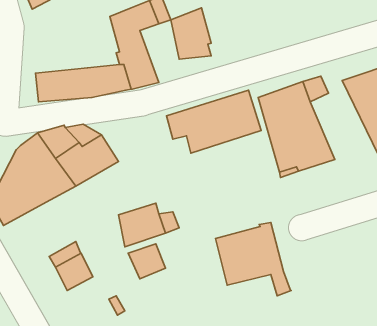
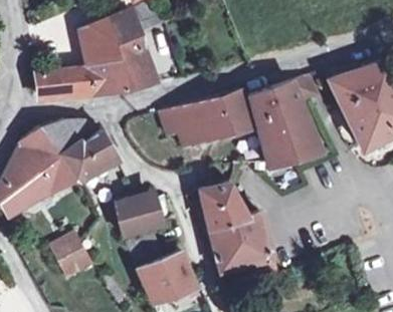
building: [171,8,211,59] -> [79,19,118,67]
building: none -> [199,183,250,228]
building: none -> [137,252,195,303]

